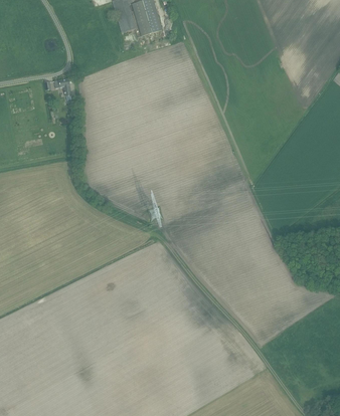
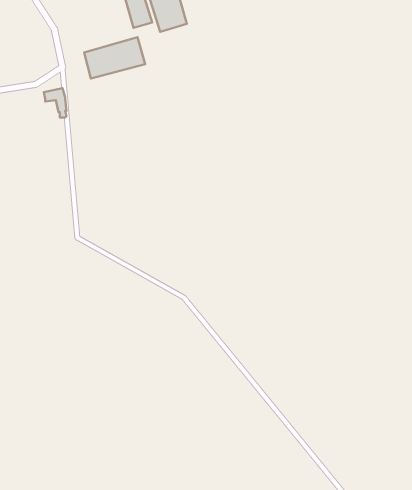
building: none -> [84,37,145,78]

